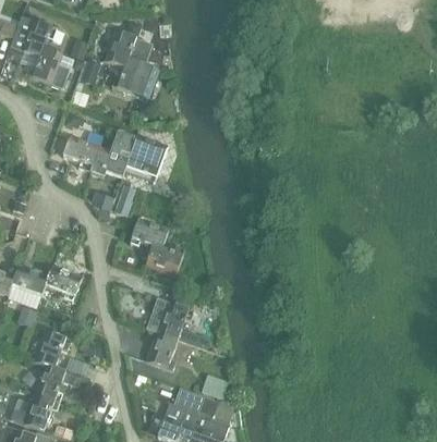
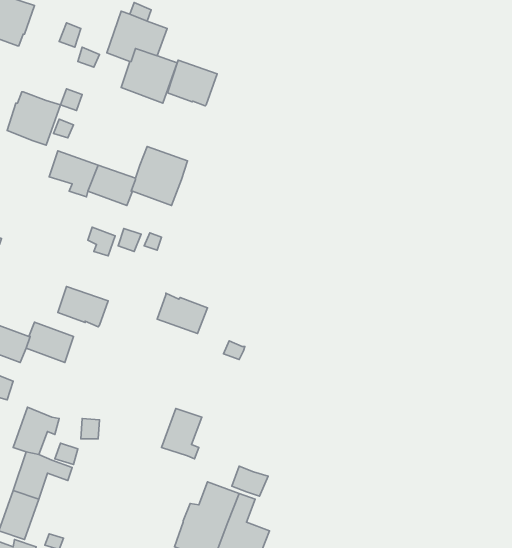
building: [32,48,72,88] -> [7,92,61,145]
building: none -> [167,60,217,106]
building: [130,218,168,248] -> [58,286,108,327]
building: [146,296,195,343] -> none

